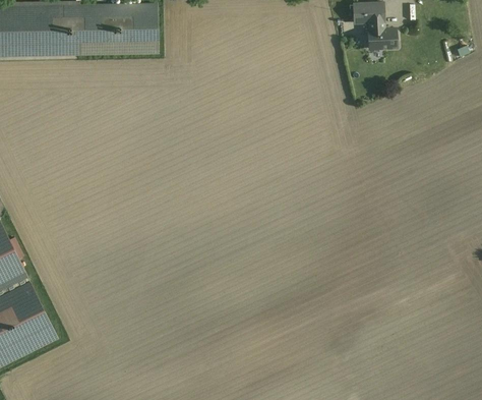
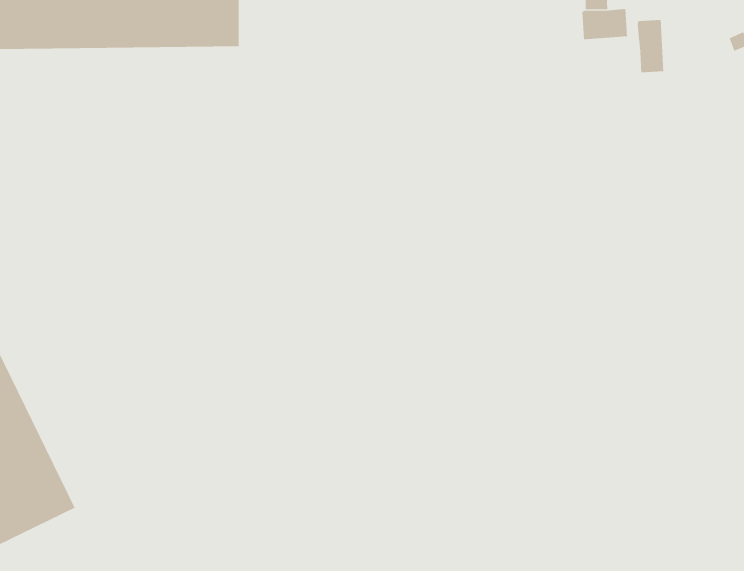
building: none -> [637,19,664,73]

